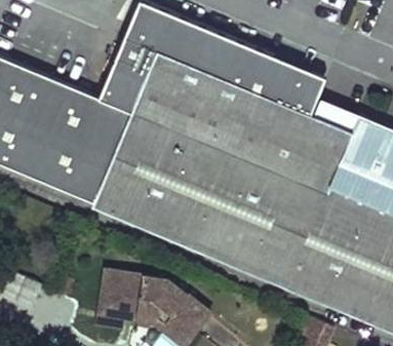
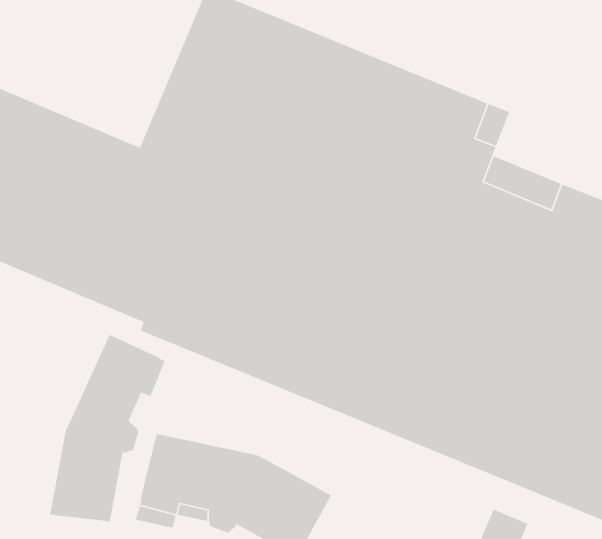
building: none -> [49,334,165,522]

